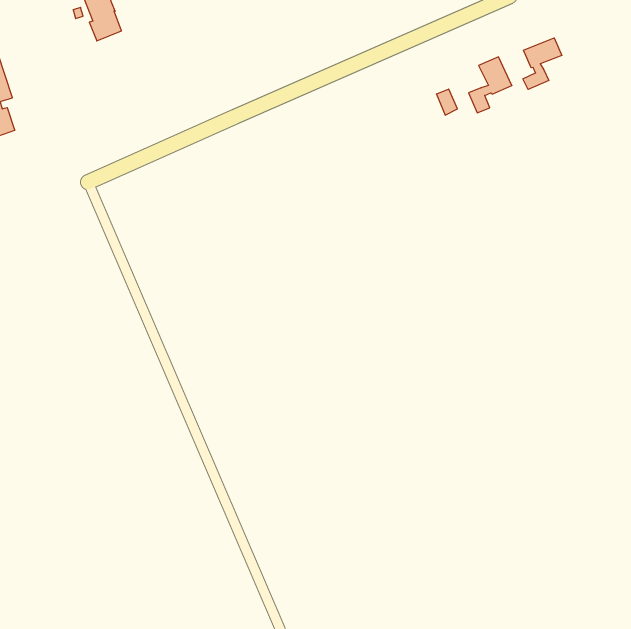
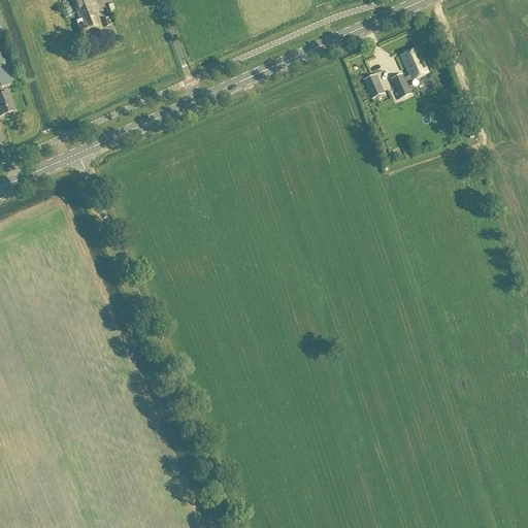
building: [523,38,562,89] -> none

